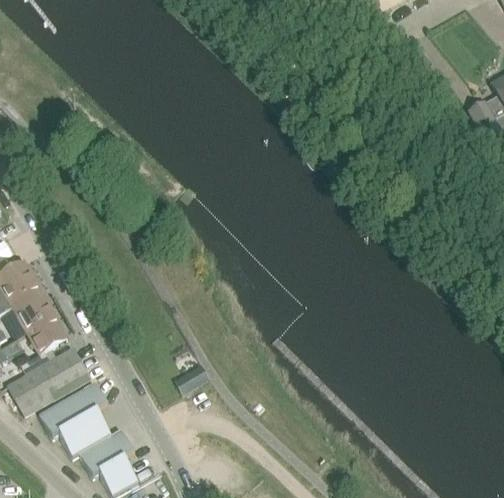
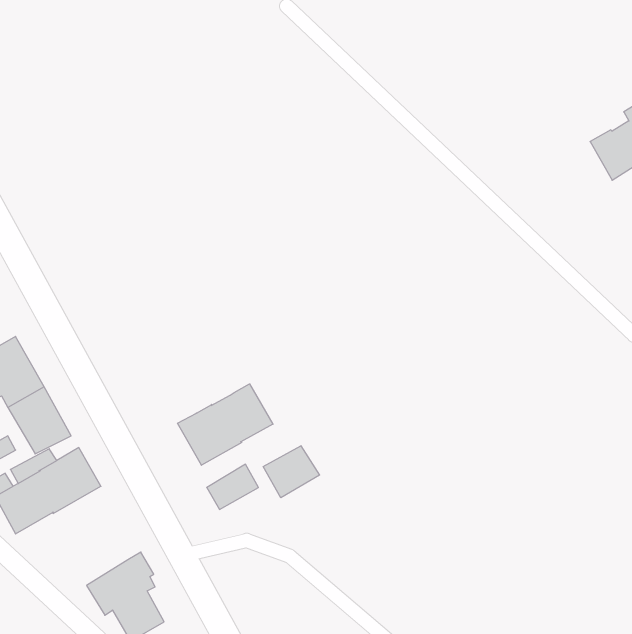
building: none -> [178,384,273,465]
building: none -> [263,446,320,498]
building: [39,382,112,459] -> none

